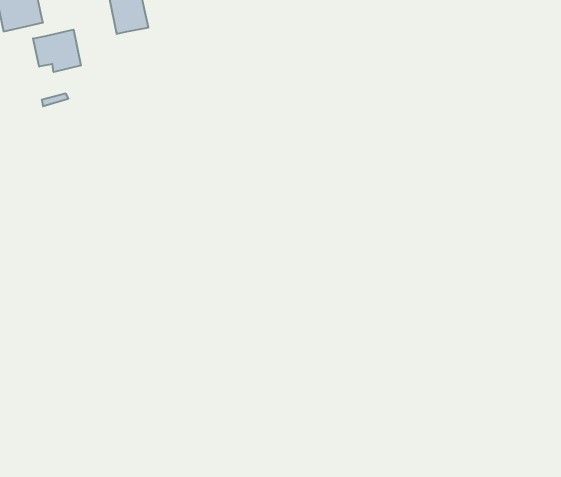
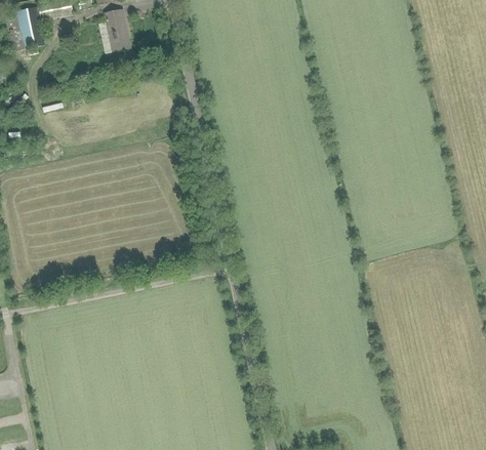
building: [33,30,81,72] -> none

